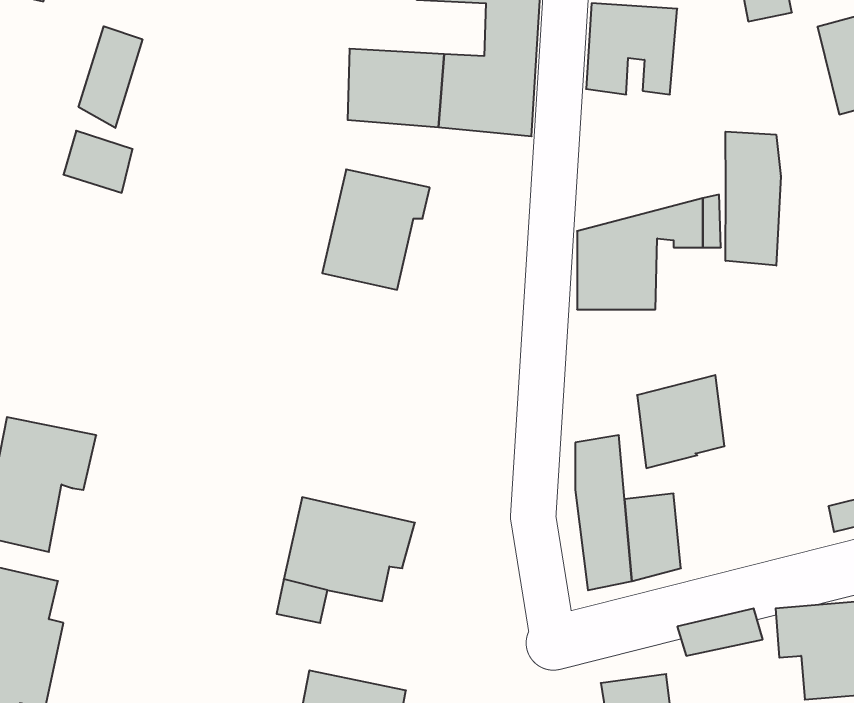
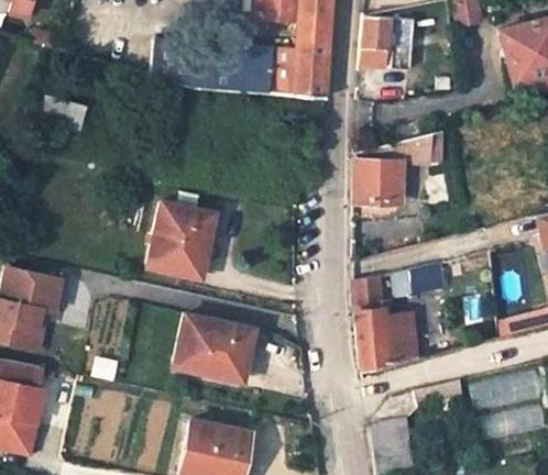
building: [79,26,142,128] -> none
building: [726,132,781,266] -> none
building: [322,169,430,290] -> [150,202,215,275]

